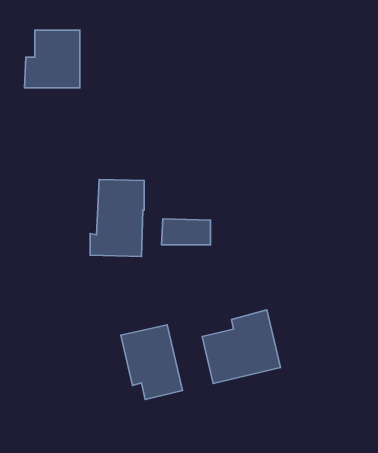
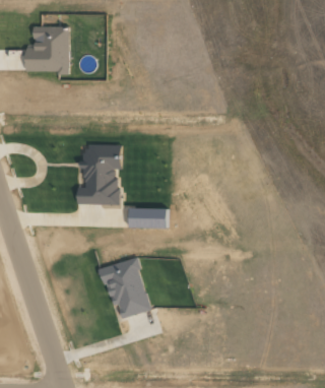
building: [162,219,210,245] -> [127,207,166,228]
building: [202,310,281,383] -> none

